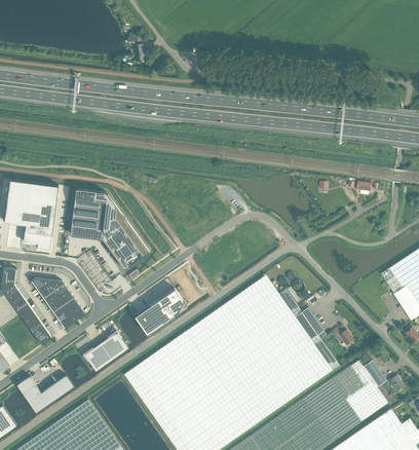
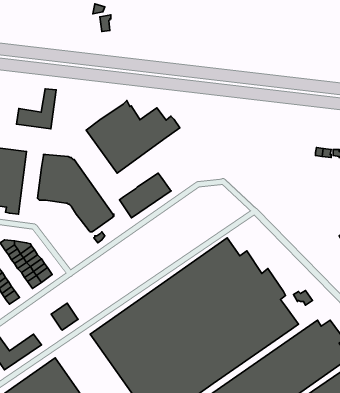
building: none -> [16,89,56,129]
building: none -> [86,101,180,173]
building: [134,289,187,335] -> [120,173,171,218]
building: [100,332,127,360] -> none

